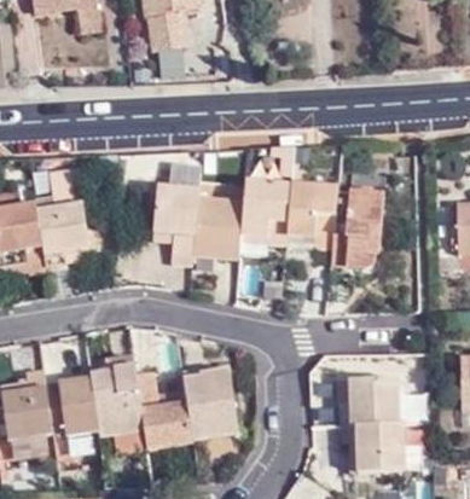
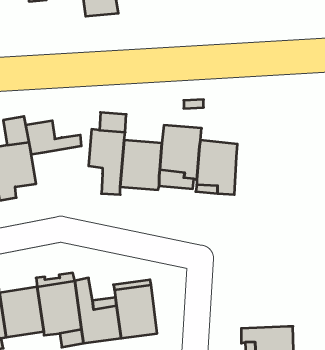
building: none -> [26,121,81,155]
building: [331,192,378,267] -> none
building: [340,379,396,427] -> none

